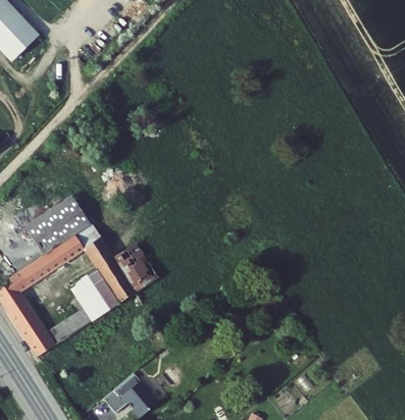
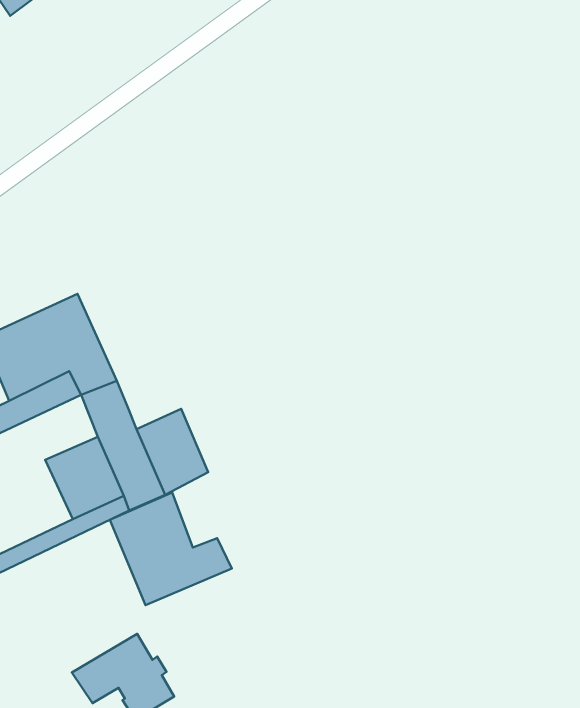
building: none -> [110,492,232,605]

